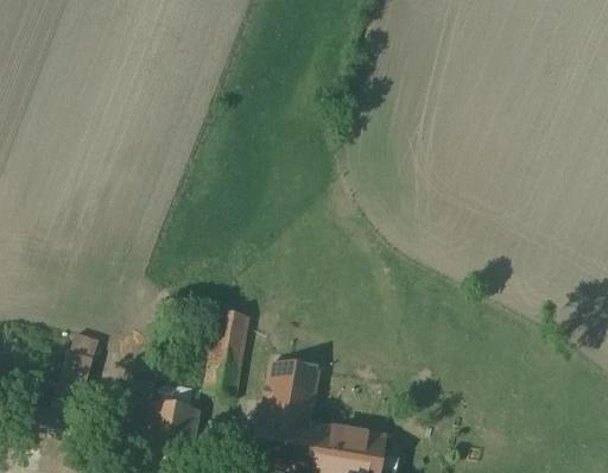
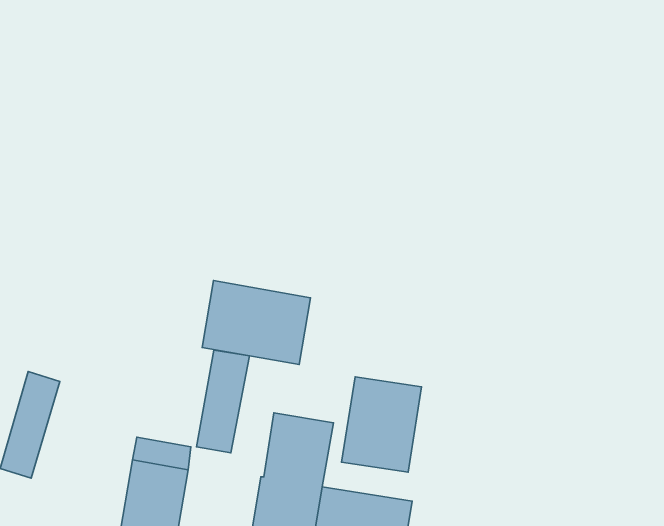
building: none -> [202,281,311,365]
building: none -> [342,377,422,472]

